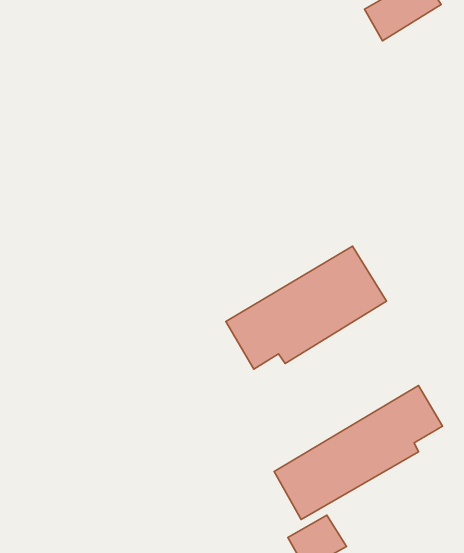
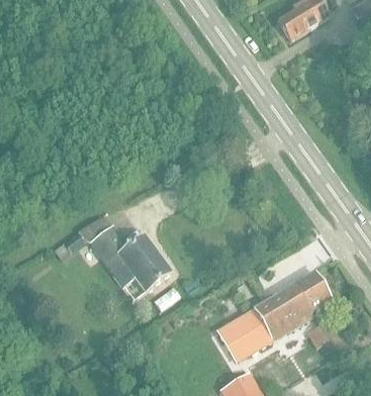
building: [226,246,387,369] -> none
building: none -> [56,214,171,289]

